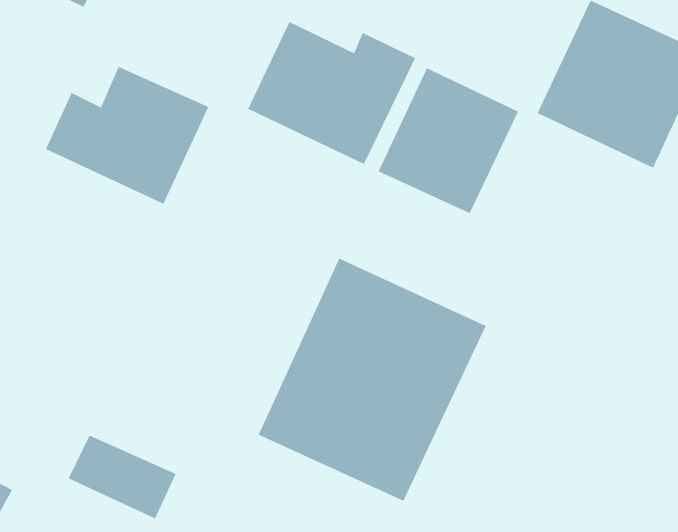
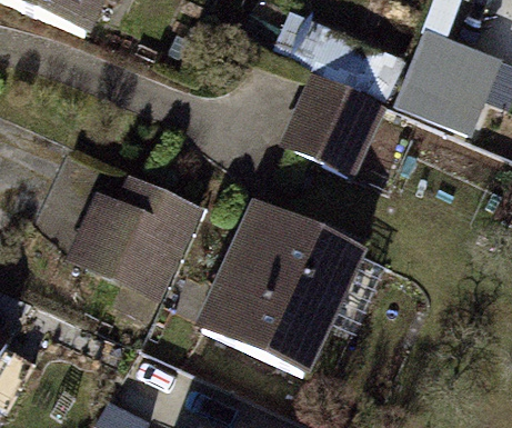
building: [247,21,416,165] -> none
building: [45,66,209,204] -> [84,178,197,272]

